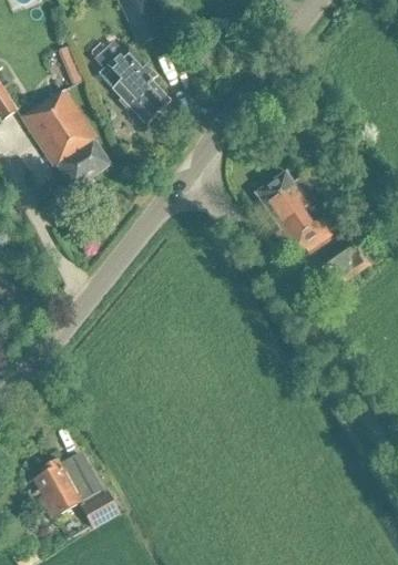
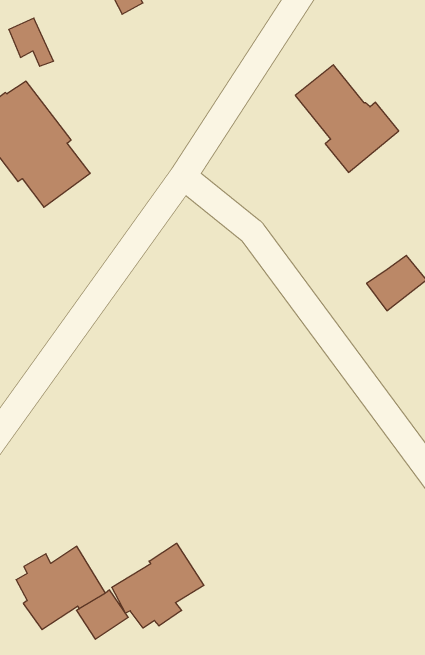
building: [99,45,170,123] -> none
building: [254,171,333,255] -> [295,65,399,172]
building: none -> [112,543,204,628]

